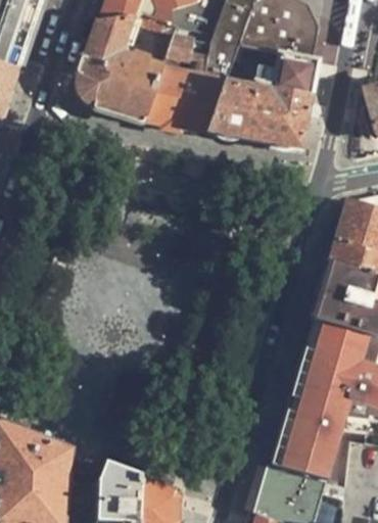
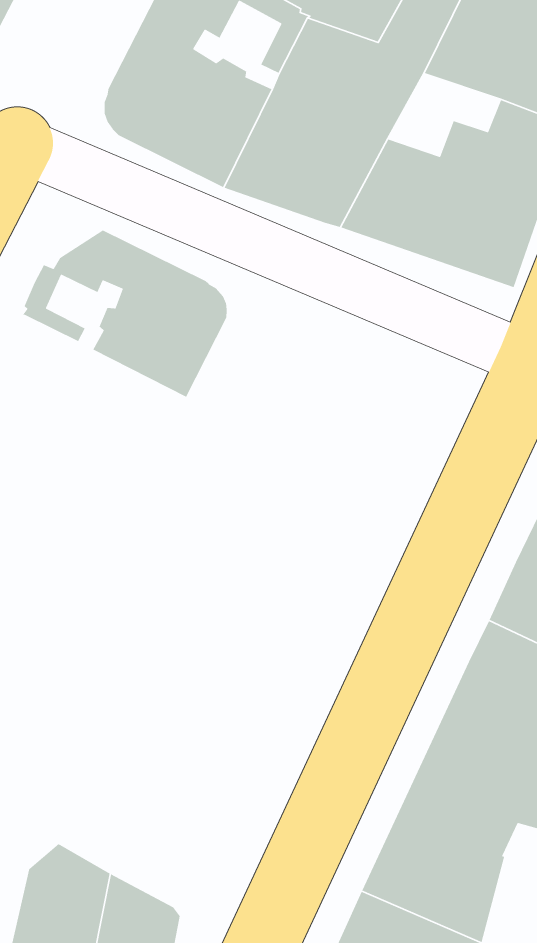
building: none -> [22,229,228,398]

